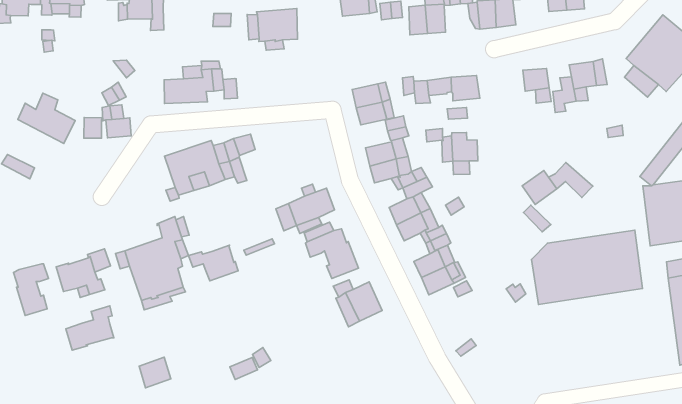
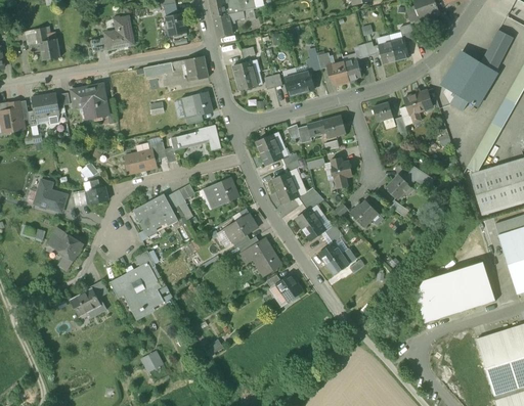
building: none -> [176,125,221,150]
building: none -> [204,177,239,208]
building: none -> [48,228,84,271]
building: none -> [351,200,382,226]
building: [531,230,643,305] -> [414,261,495,324]
building: [189,245,238,281] -> none
building: [14,264,48,316] -> none
building: [66,306,114,350] -> none

